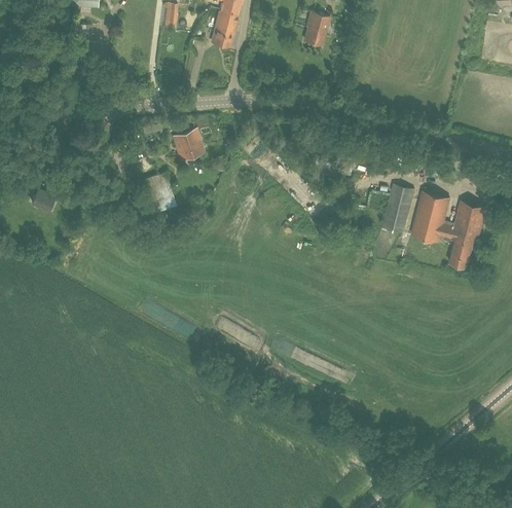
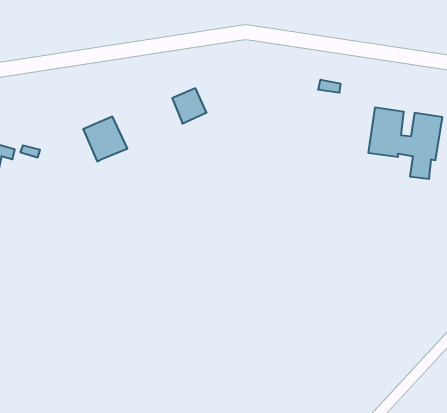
building: [173,129,205,161] -> [172,88,207,124]
building: [381,184,413,232] -> none

